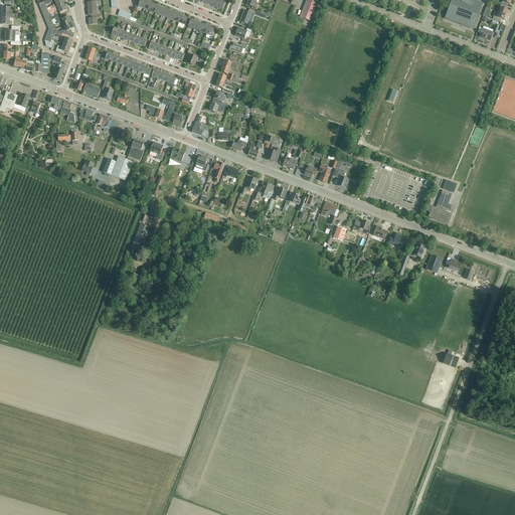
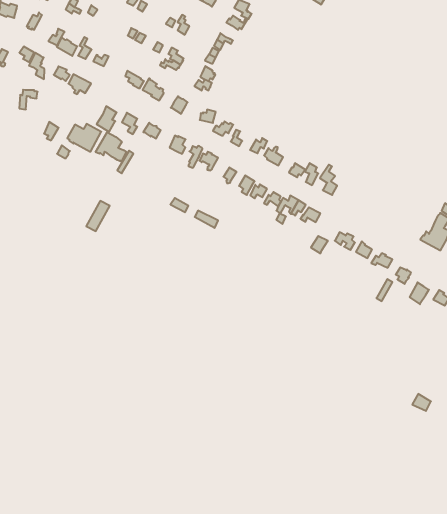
building: none -> [96,132,126,162]

